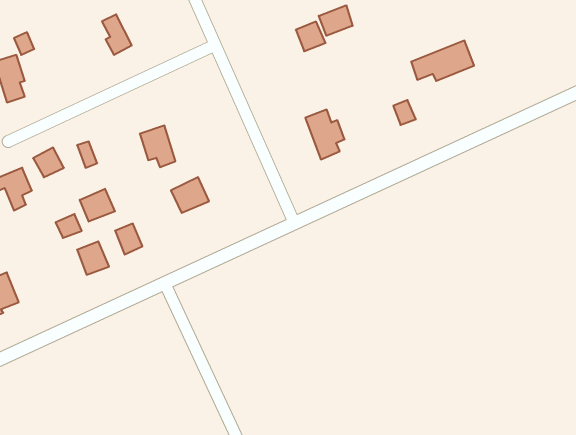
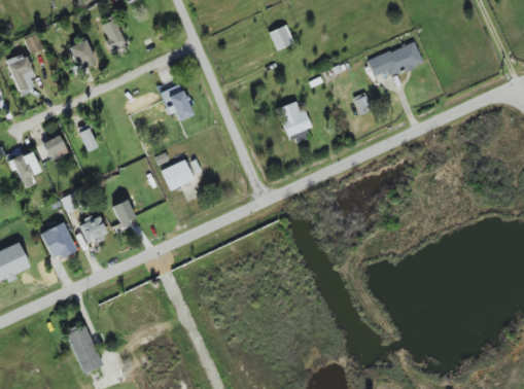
building: [319,5,353,36] -> none
building: none -> [69,39,95,70]
building: [140,126,175,167] -> [161,84,191,120]
building: [80,189,115,222] -> none
building: none -> [40,222,75,260]
building: none -> [66,325,102,374]

